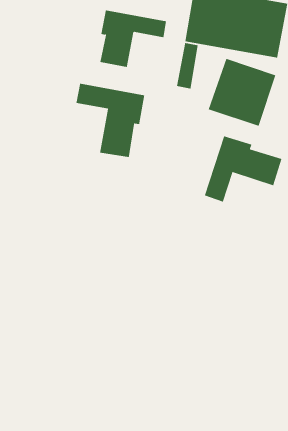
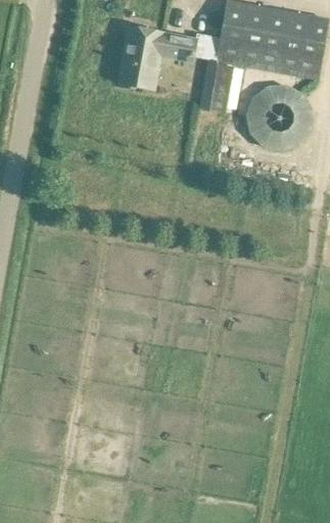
building: [76,83,145,158] -> none
building: [204,135,282,202] -> none

